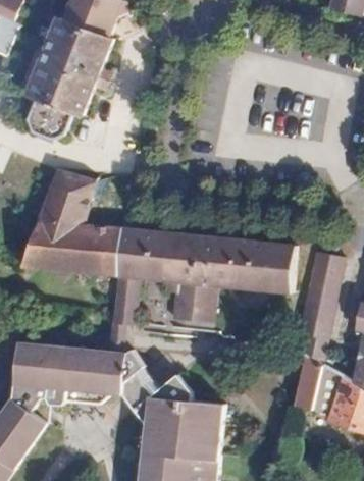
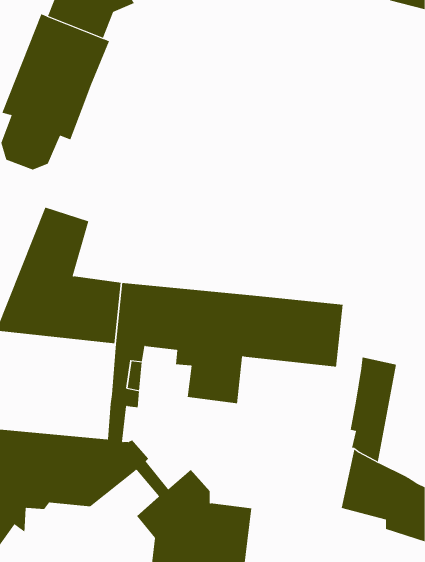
building: [310,258,343,292] -> none

